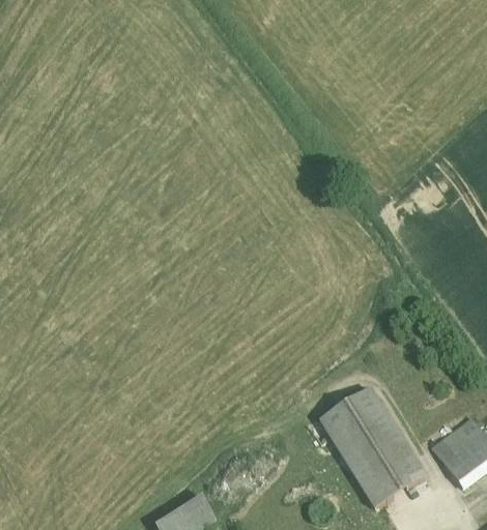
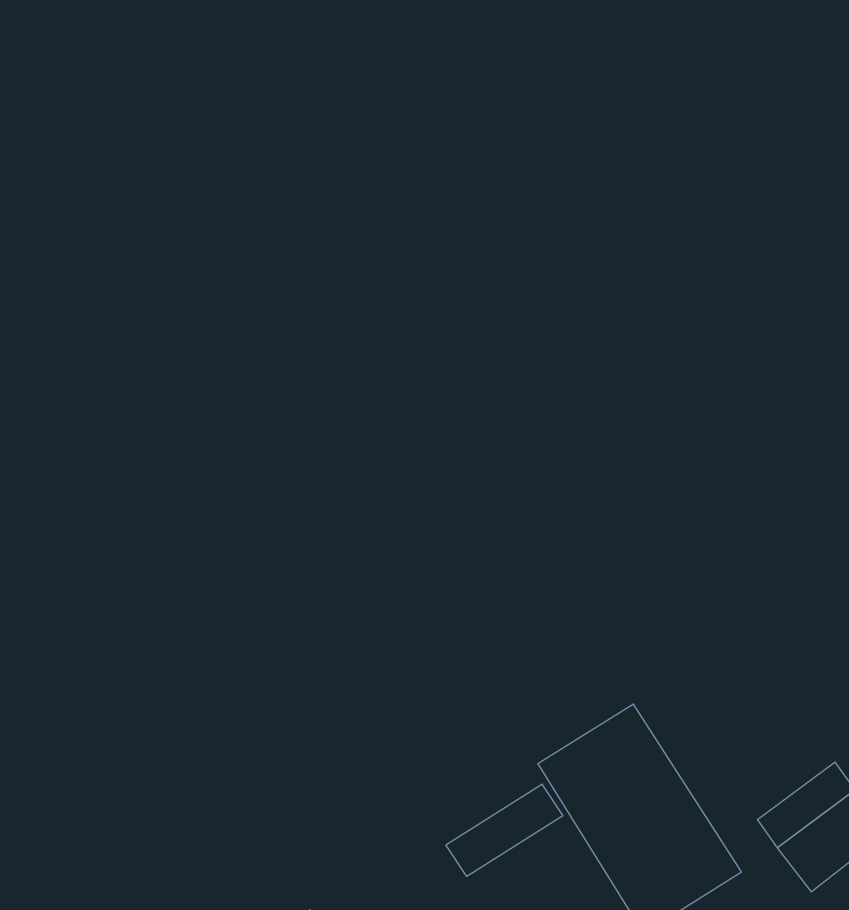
building: none -> [446,784,563,876]

